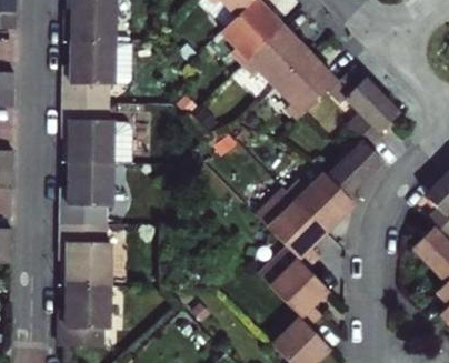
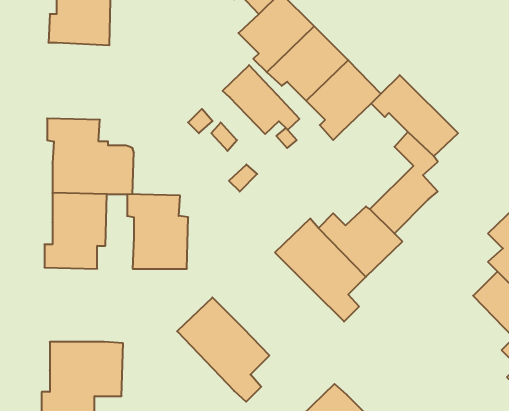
building: [63,40,132,103] -> none
building: none -> [223,65,299,134]
building: [61,224,111,285] -> [127,194,188,269]
building: [252,243,328,329] -> [177,297,269,402]

